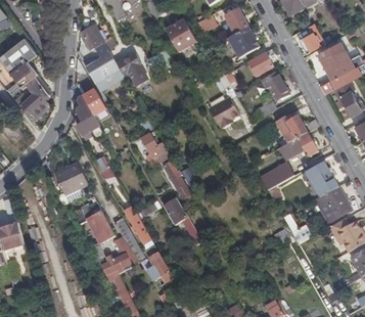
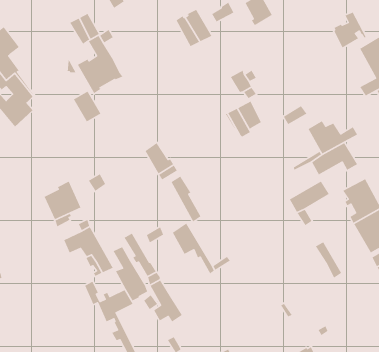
building: [227,27,260,58] -> none
building: [247,49,274,77] -> none
building: [116,53,147,86] -> none
building: [262,72,289,99] -> none
building: [76,96,104,140] -> none

